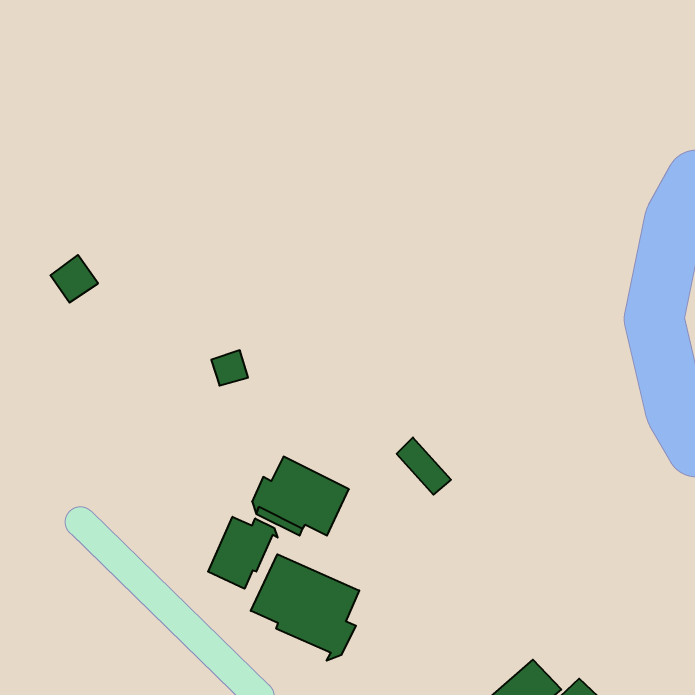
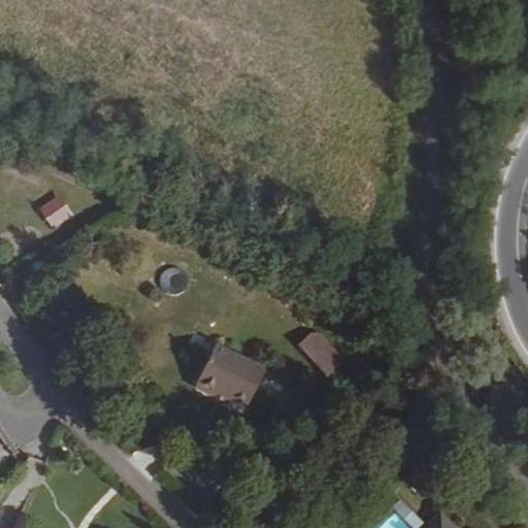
building: [208,517,278,589] -> none
building: [251,554,359,661] -> none

